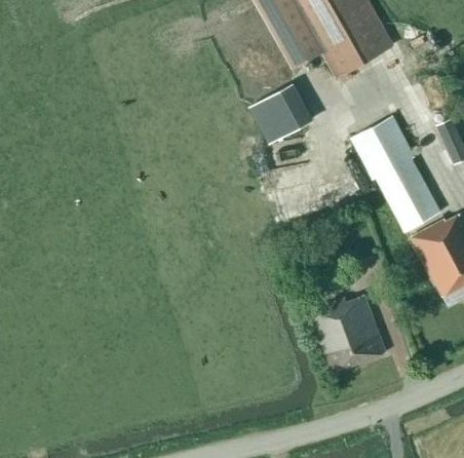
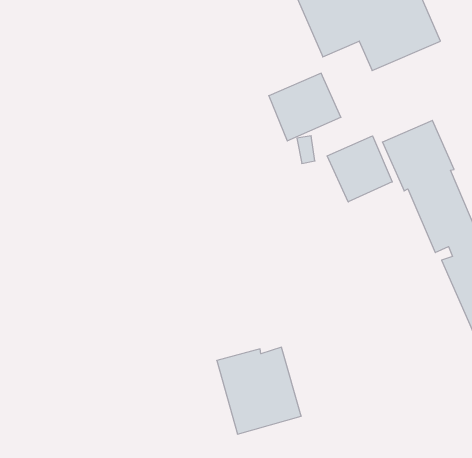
building: none -> [327,136,392,202]
building: [308,295,386,374] -> [217,347,301,434]

